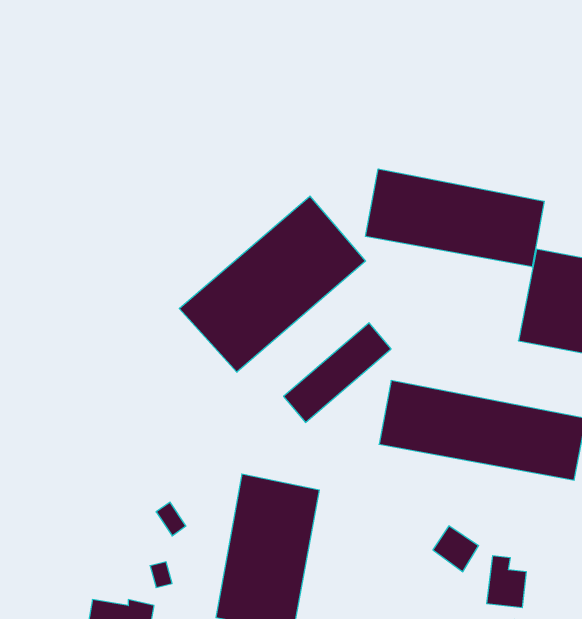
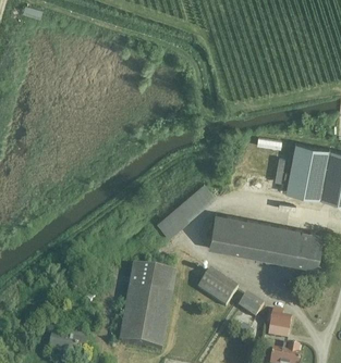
building: [365,169,544,267] -> none
building: [179,196,366,372] -> none
building: none -> [198,271,239,308]

